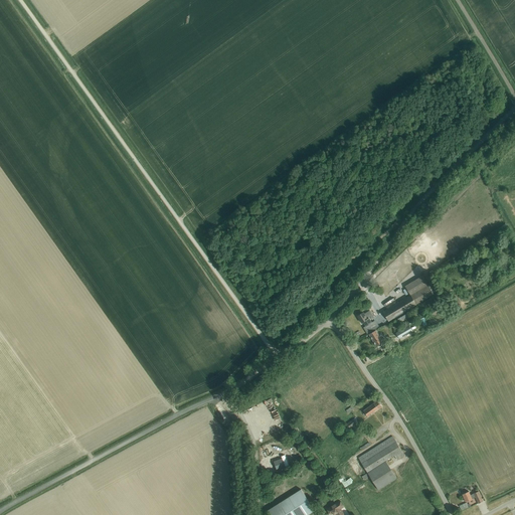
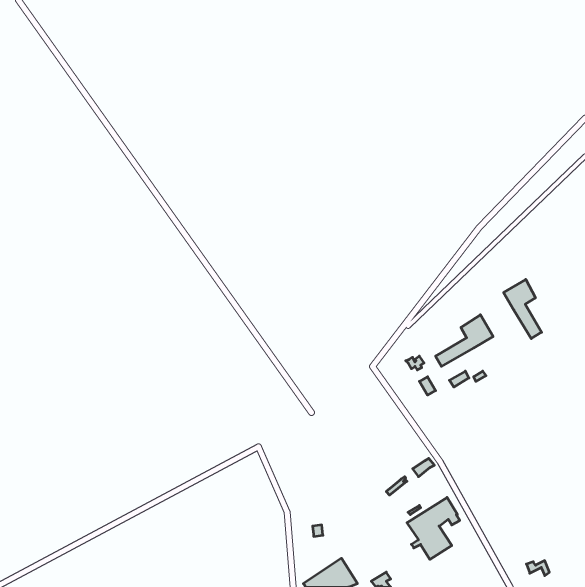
building: none -> [504,279,542,339]

